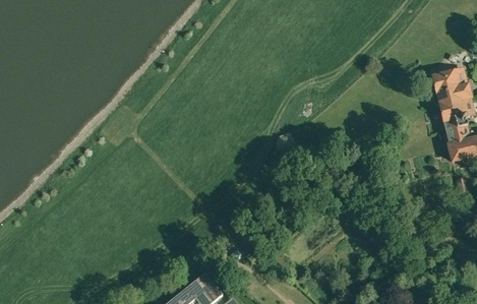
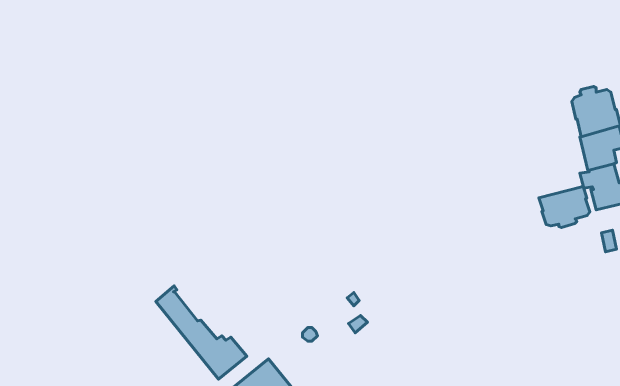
building: none -> [539,186,590,228]
building: none -> [156,286,247,379]

